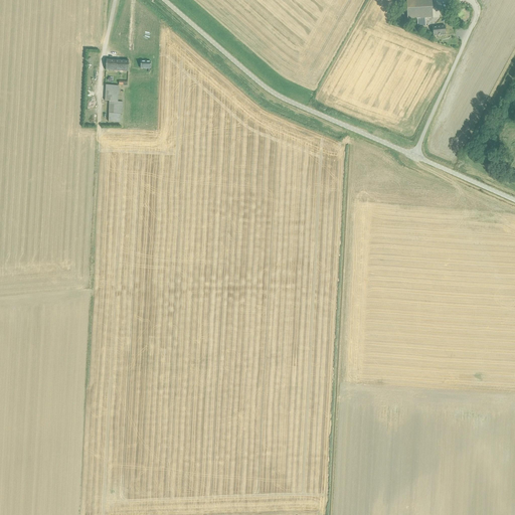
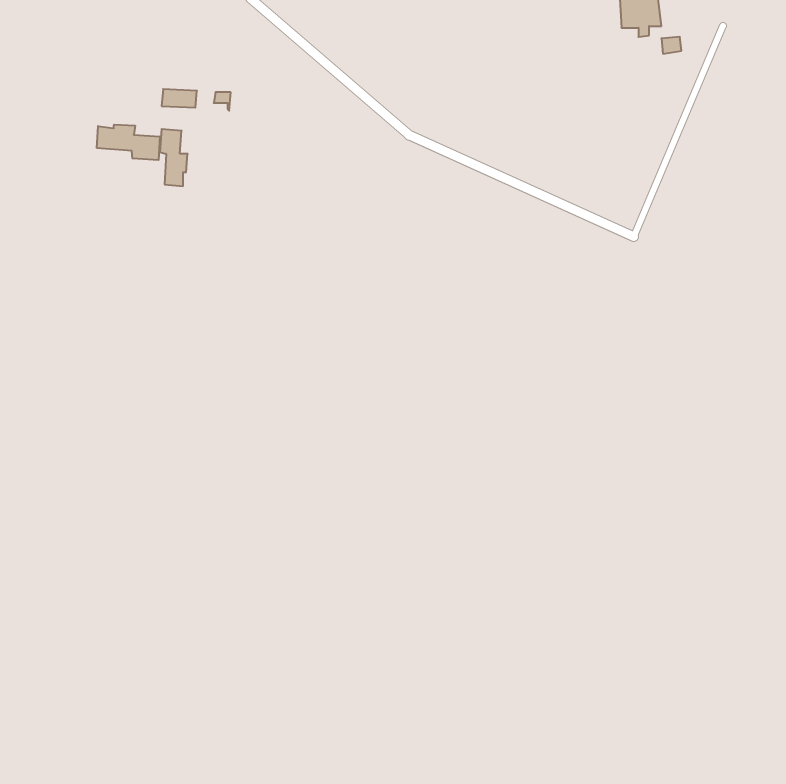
building: none -> [97,125,160,160]

